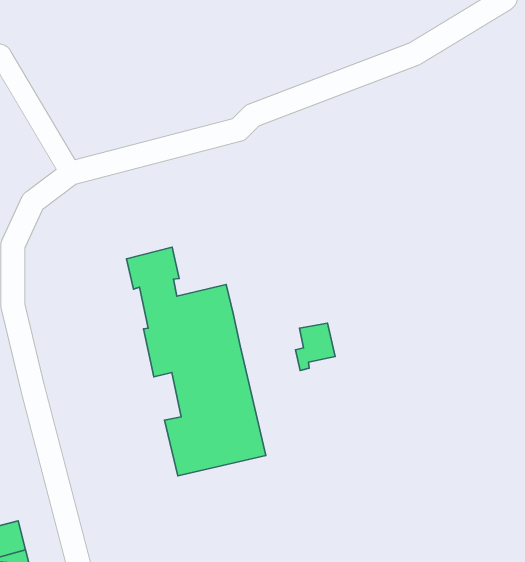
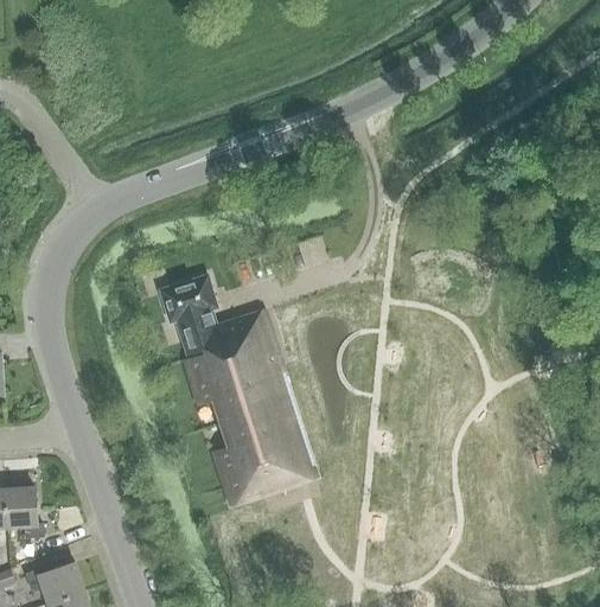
building: [295,323,335,371] -> none

